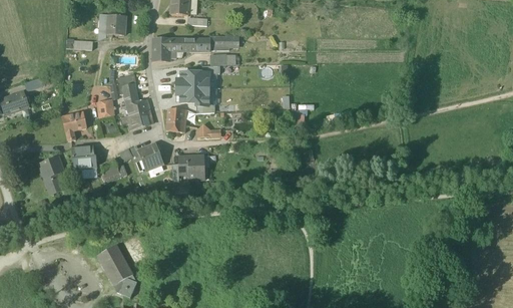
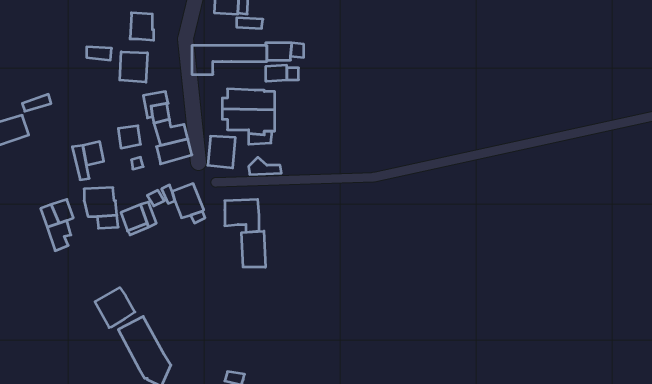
building: none -> [120,52,147,82]
building: none -> [242,231,265,267]
building: none -> [95,288,135,328]

